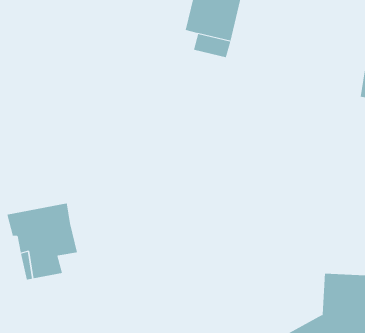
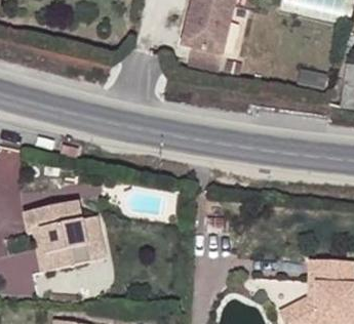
building: none -> [72,214,107,260]

